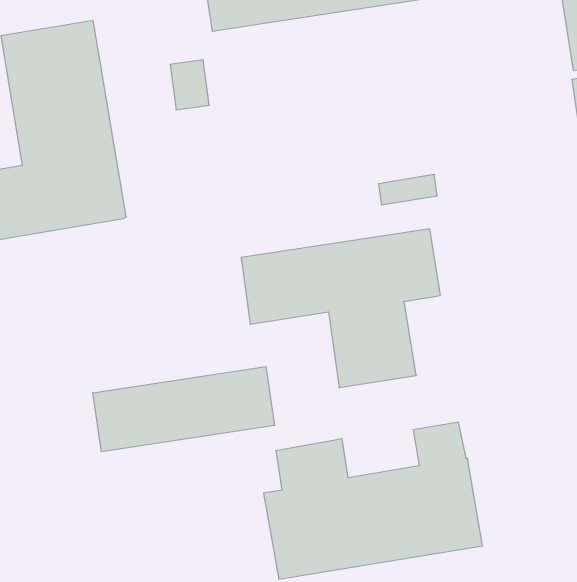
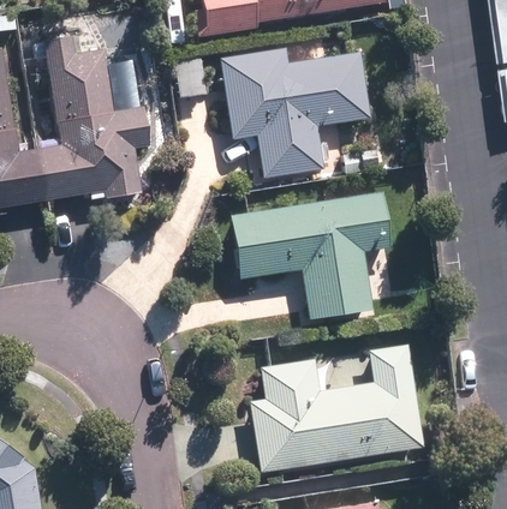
building: none -> [219,48,370,176]
building: [93,367,275,452] -> none

